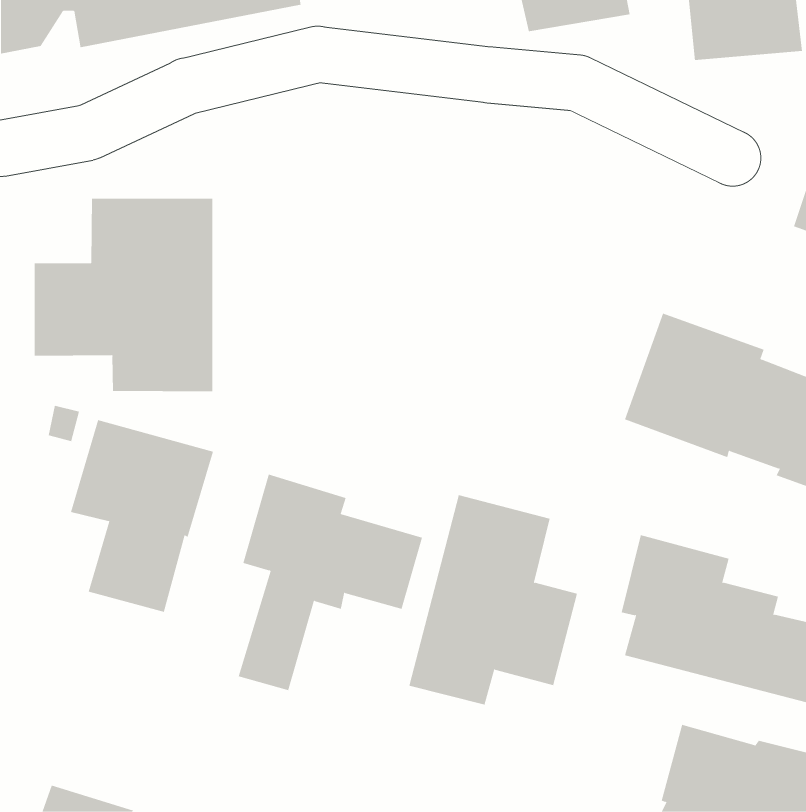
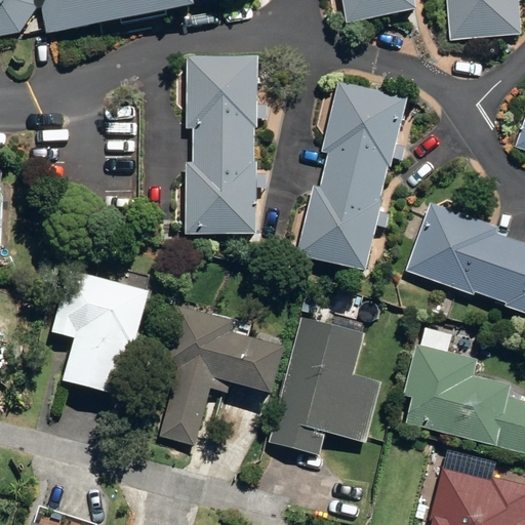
building: none -> [186,56,269,233]
building: none -> [296,79,405,270]
building: [34,198,213,392] -> none

